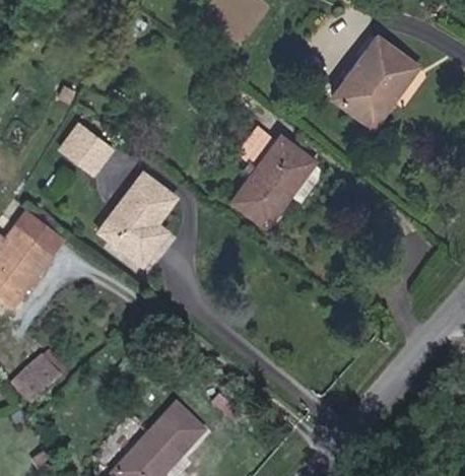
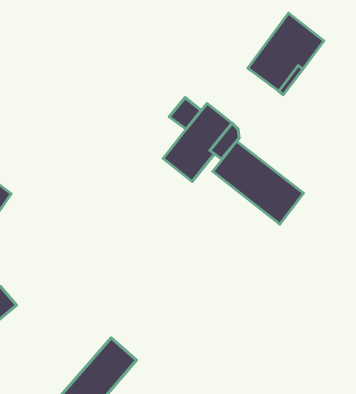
building: [66,126,115,173] -> none
building: [96,171,179,264] -> none
building: none -> [213,141,303,224]

